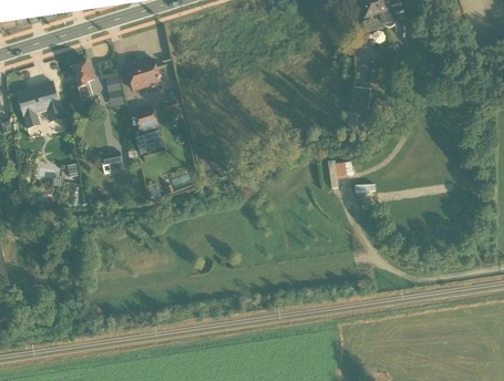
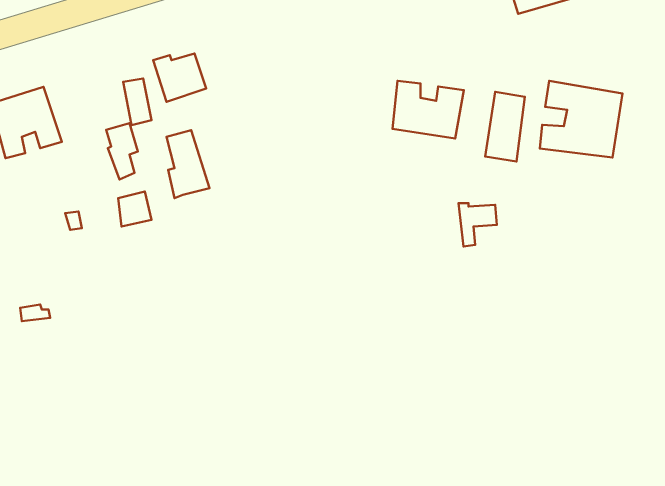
building: [73,61,94,99] -> [106,123,138,180]
building: none -> [540,81,622,157]
building: none -> [392,81,464,138]

